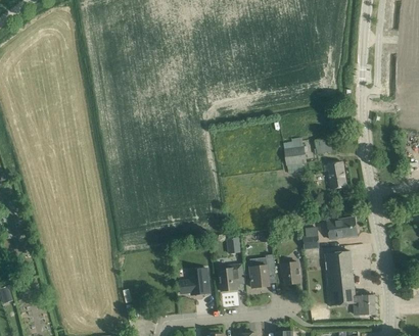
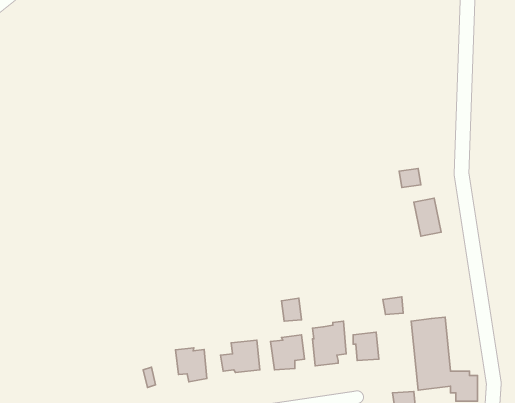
building: [284,137,307,173] -> none
building: [327,218,357,239] -> none
building: none -> [176,348,207,382]

